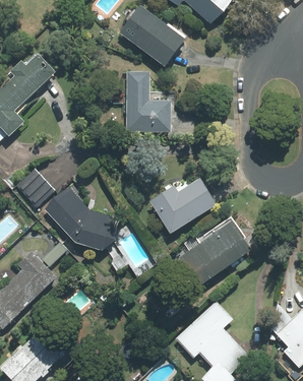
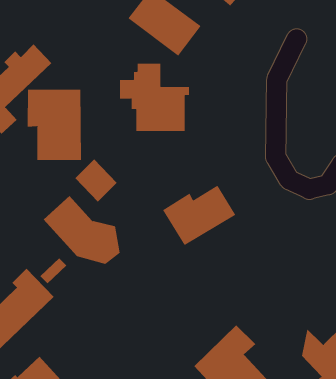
building: none -> [27,89,81,161]
building: [16,169,54,207] -> [75,159,117,202]
building: [180,217,251,285] -> none

